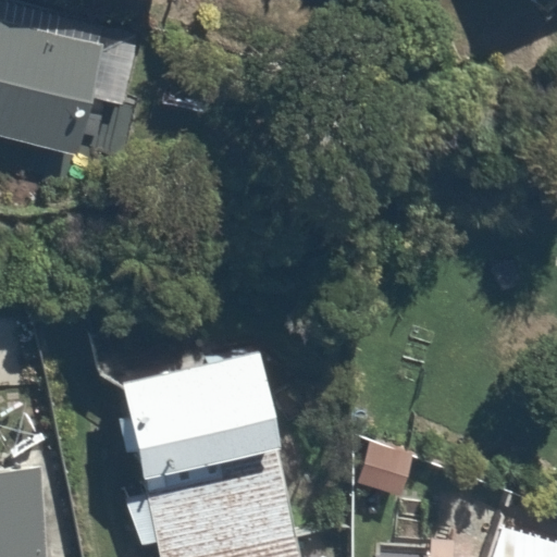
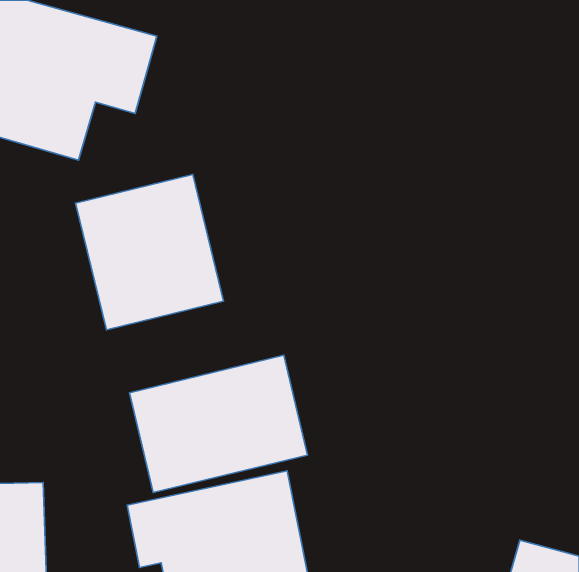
building: none -> [76,174,224,330]

